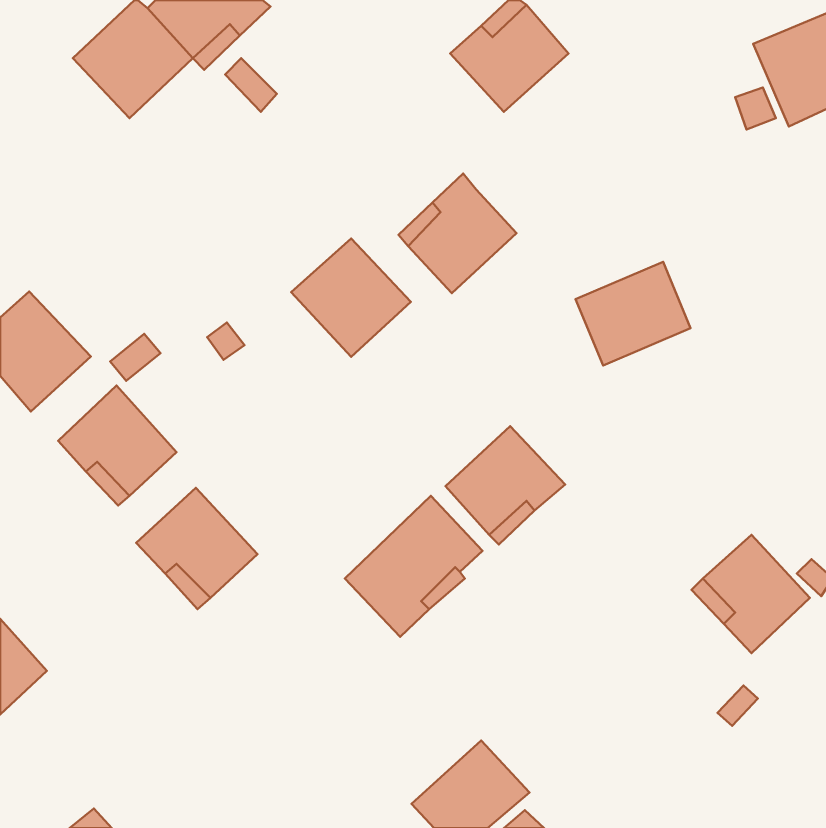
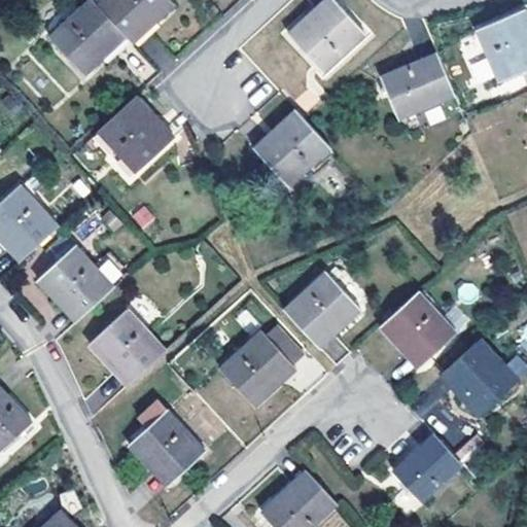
building: [291,239,411,357] -> [97,98,173,173]
building: [576,262,691,366] -> [384,54,457,119]
building: none -> [379,291,454,365]
building: none -> [128,409,214,486]
building: none -> [393,433,461,501]

